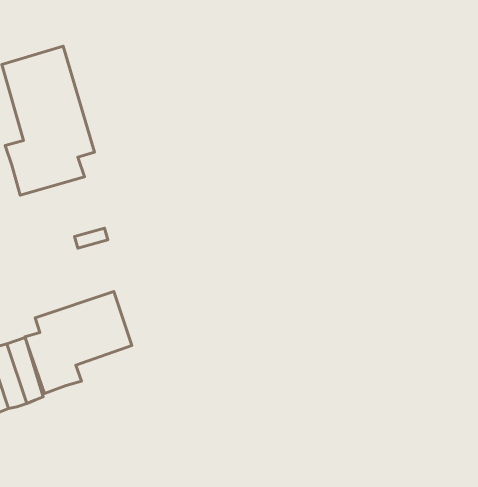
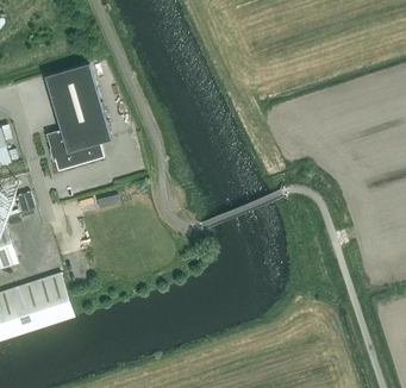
building: [25,291,132,393] -> none

